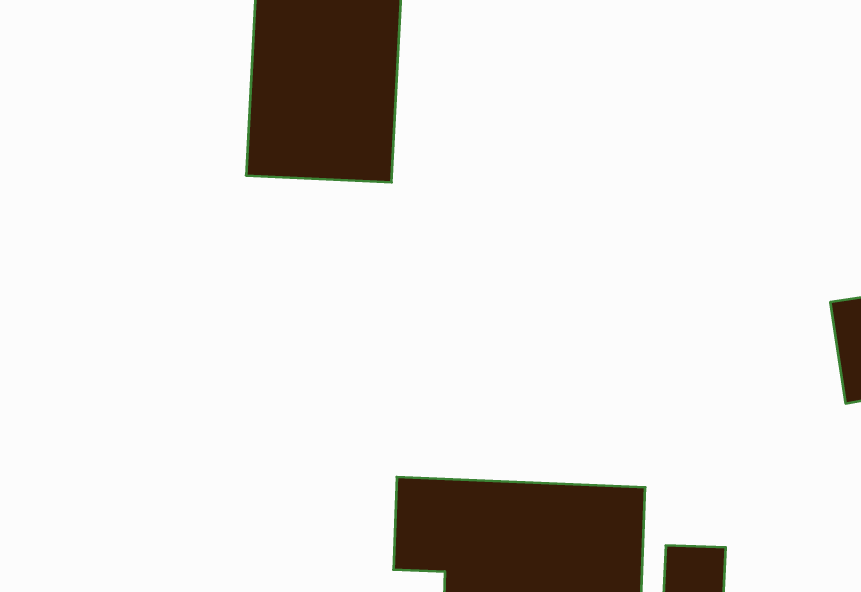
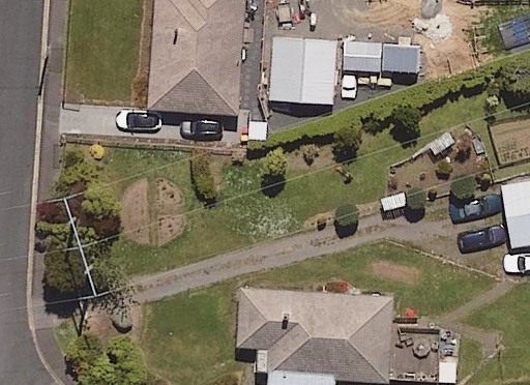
building: none -> [271,39,335,103]

